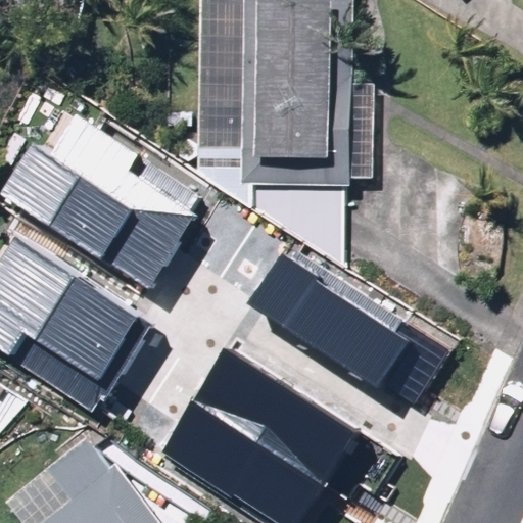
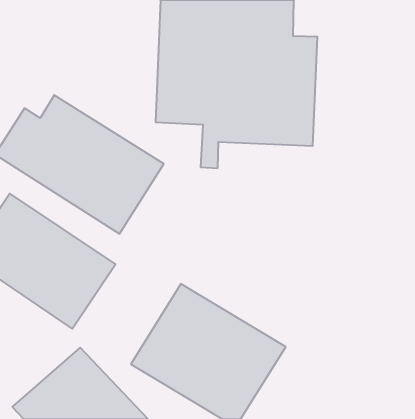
building: [247,251,447,407] -> none

